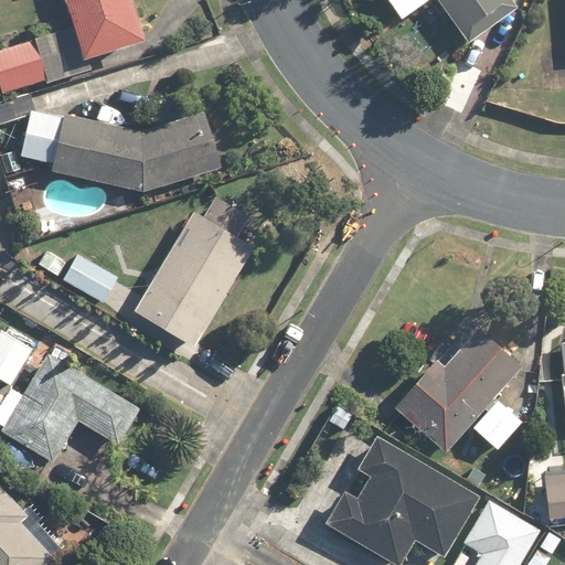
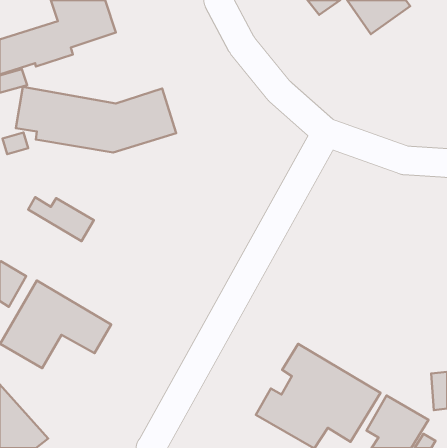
building: [135,196,254,345] -> none
building: [393,326,521,450] -> none

